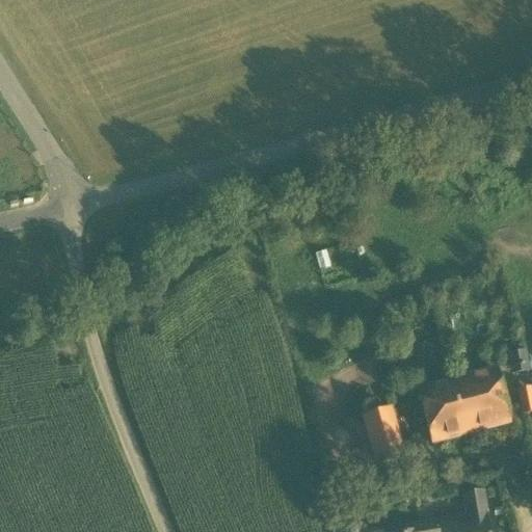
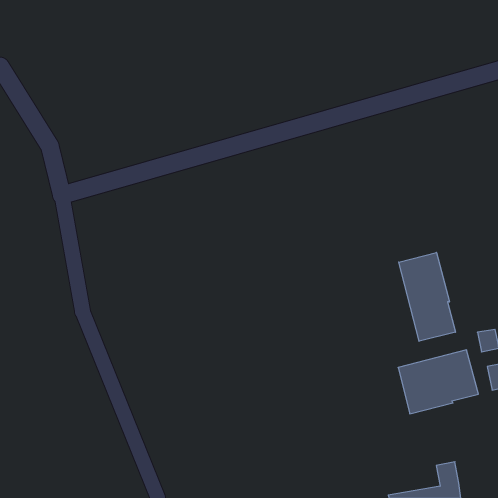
building: none -> [399,252,455,341]
building: [367,410,405,460] -> none

